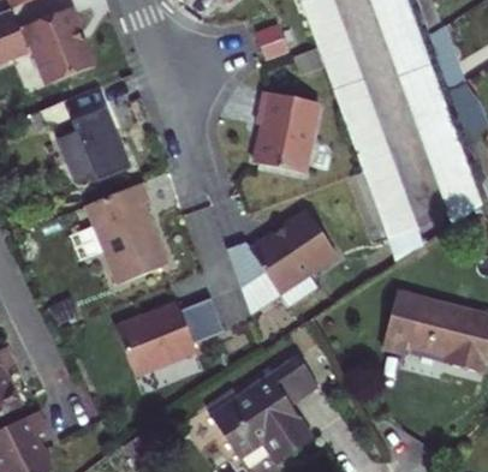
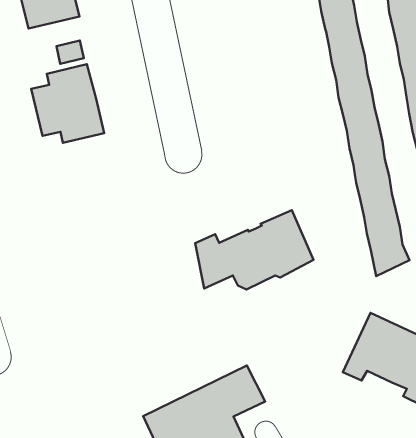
building: [255,89,317,171] -> none
building: [87,181,169,283] -> none
building: [114,298,224,375] -> none

